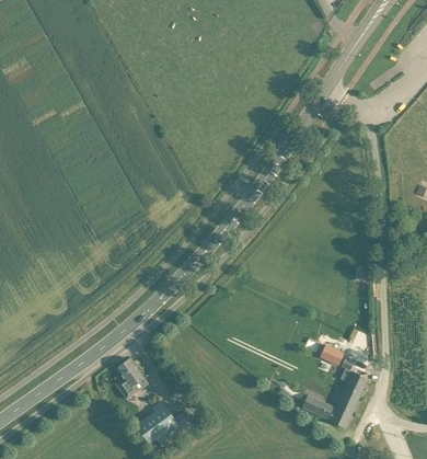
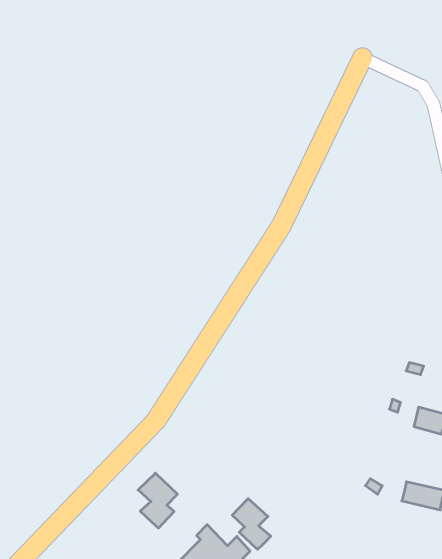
building: none -> [232,499,271,549]

